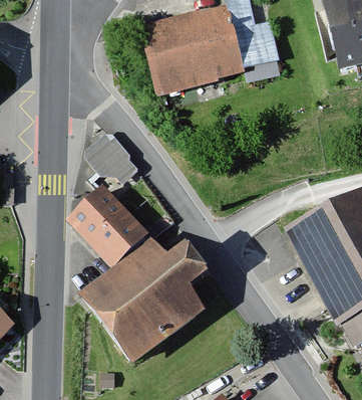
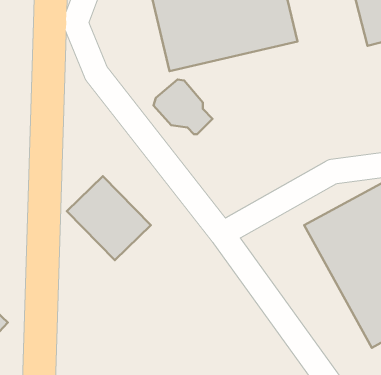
building: [82,131,136,181] -> [154,79,213,134]
building: [82,236,211,360] -> none

